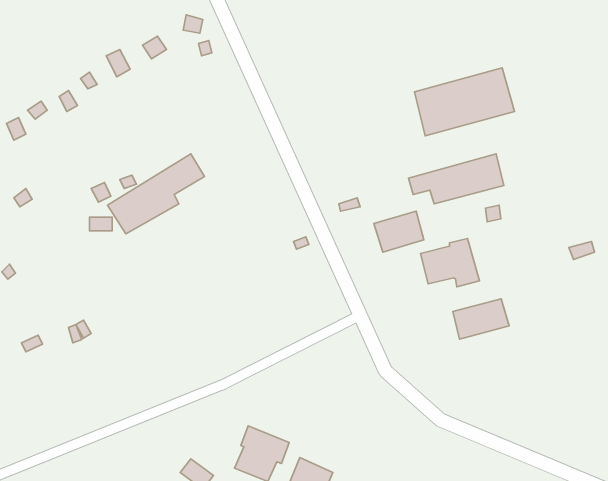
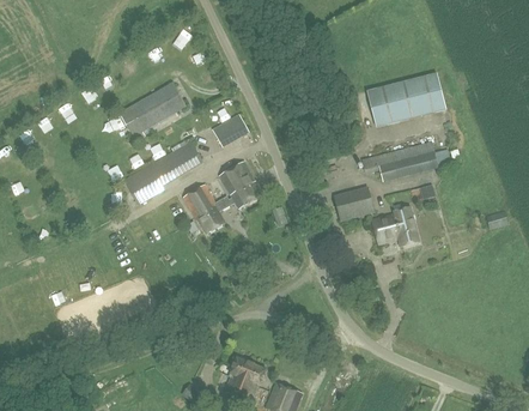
building: none -> [120,83,184,135]
building: none -> [212,113,248,146]
building: none -> [182,161,262,232]
building: [453,299,509,339] -> none

